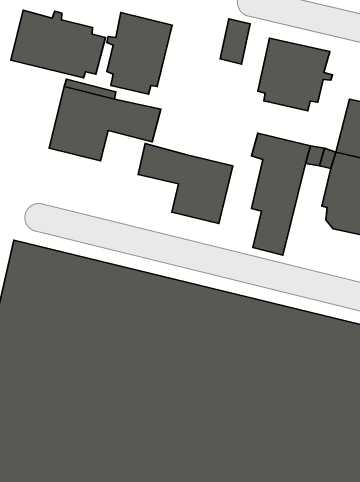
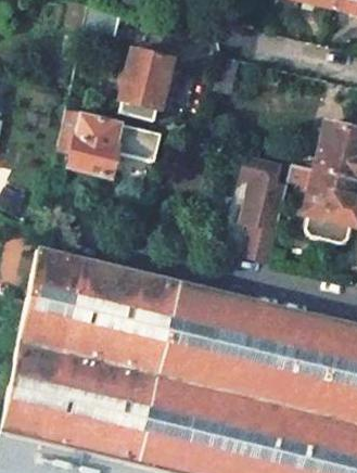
building: [11,10,105,78] -> none
building: [258,38,332,111] -> none
building: [138,144,233,223] -> none

